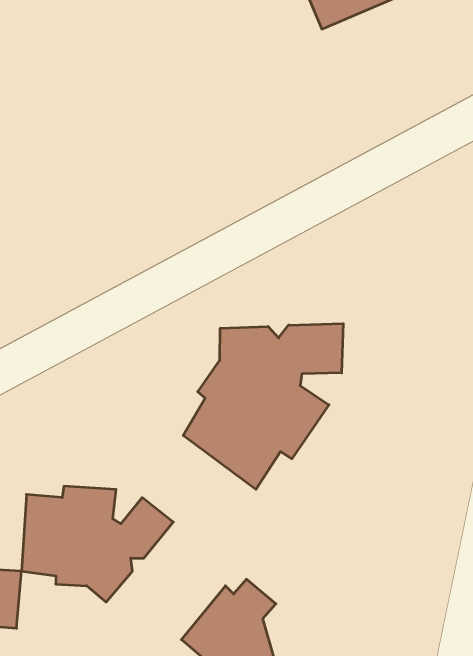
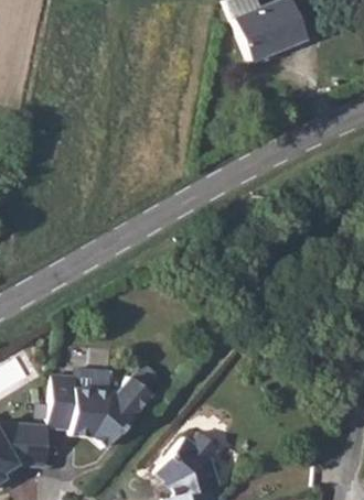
building: [183,324,343,489] -> none

